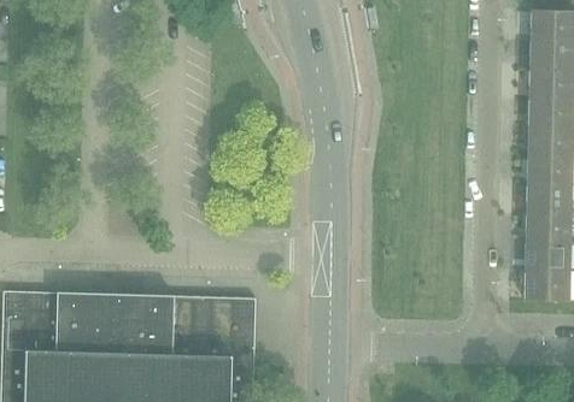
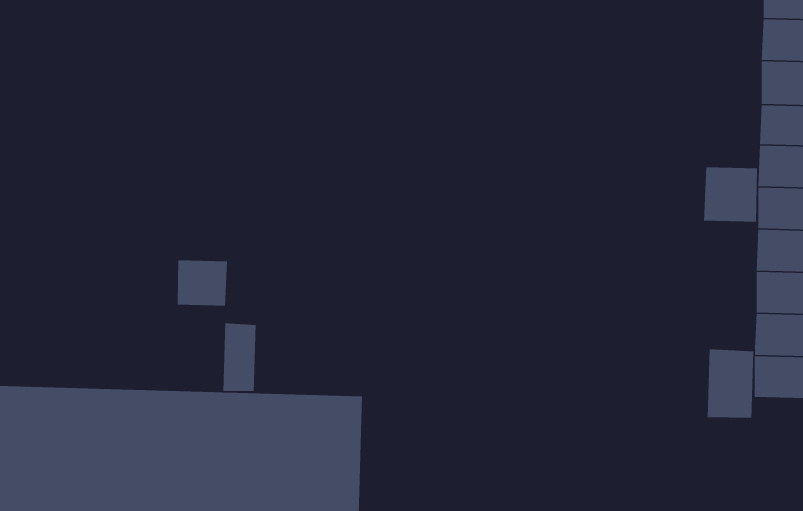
building: none -> [703,167,758,222]
building: none -> [177,259,228,307]
building: none -> [222,322,256,392]
building: none -> [707,348,754,418]

